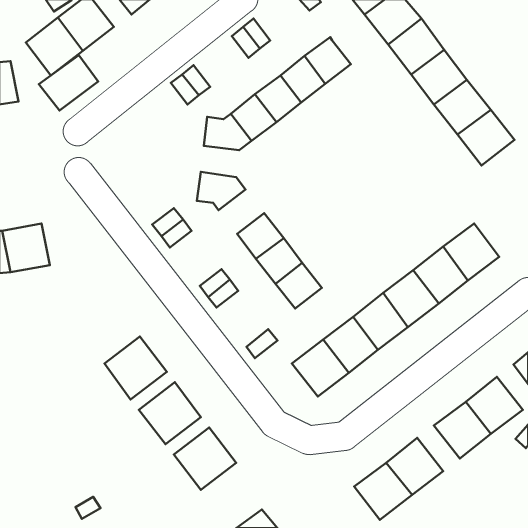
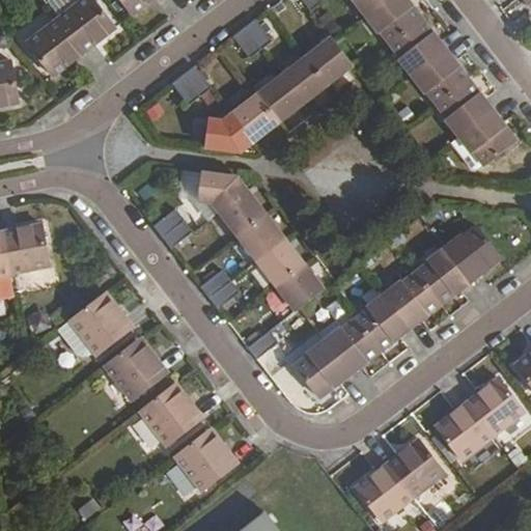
building: [39,55,98,110] -> none
building: none -> [219,190,264,234]
building: none -> [69,291,132,354]

